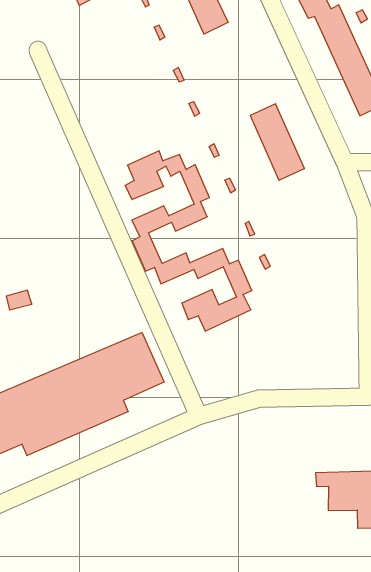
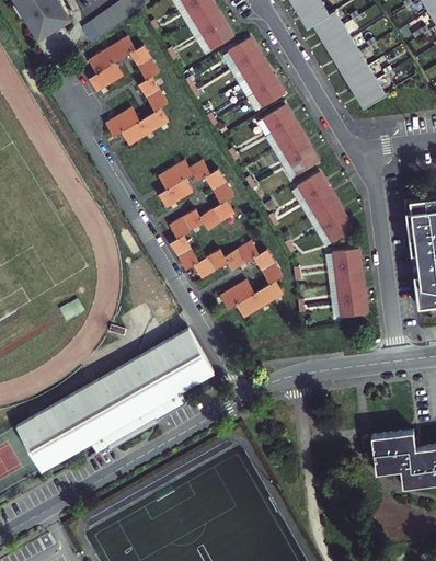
building: none -> [85,34,168,146]
building: none -> [230,38,284,106]
building: none -> [296,175,352,244]
building: none -> [335,250,368,314]

